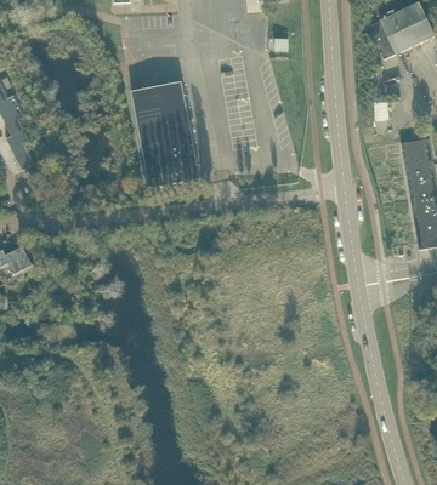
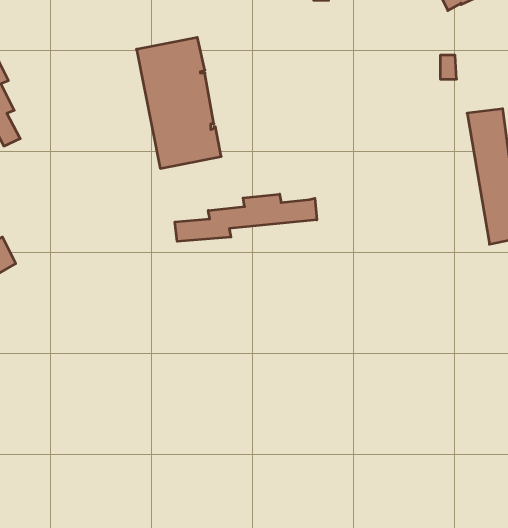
building: none -> [175,194,317,241]

